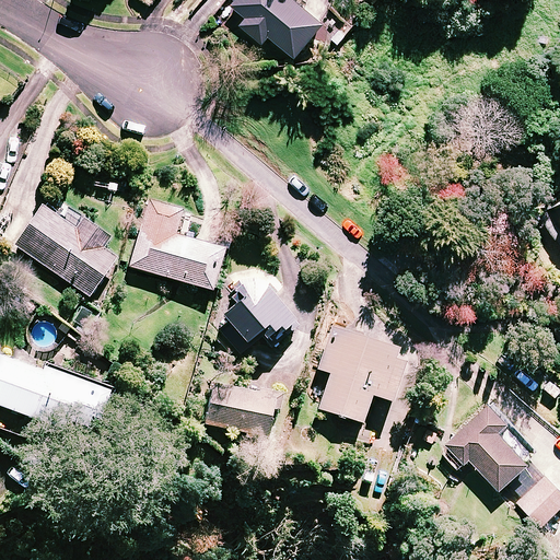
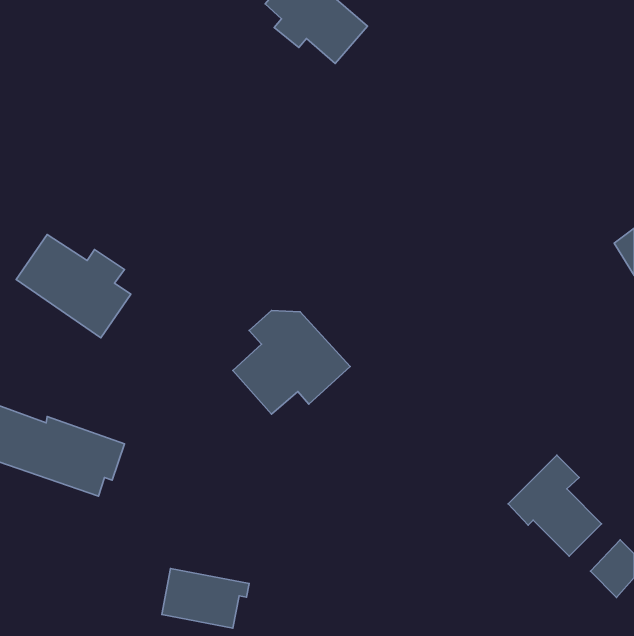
building: [128,203,223,291] -> none
building: [317,327,408,423] -> none
building: [205,384,281,436] -> [162,568,249,628]

